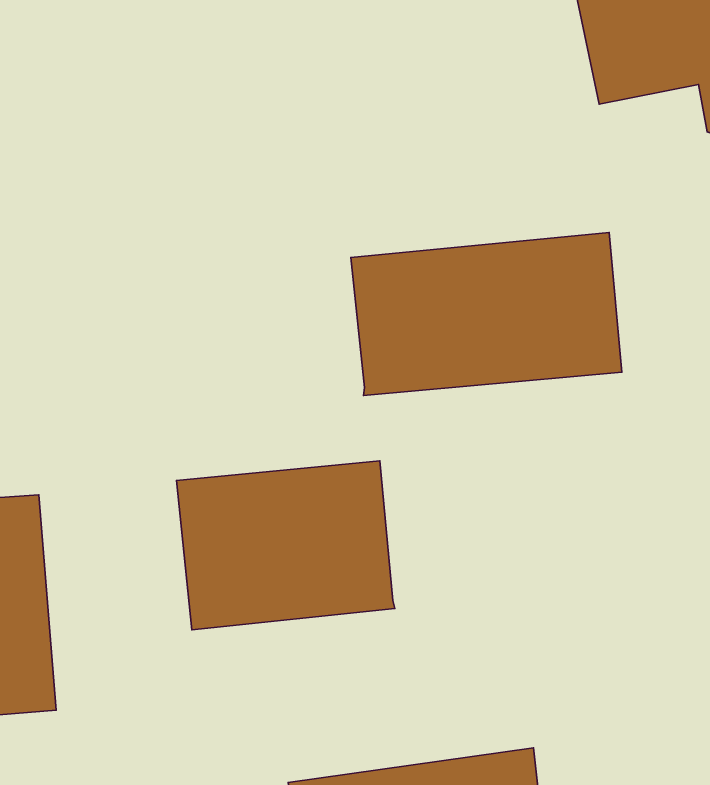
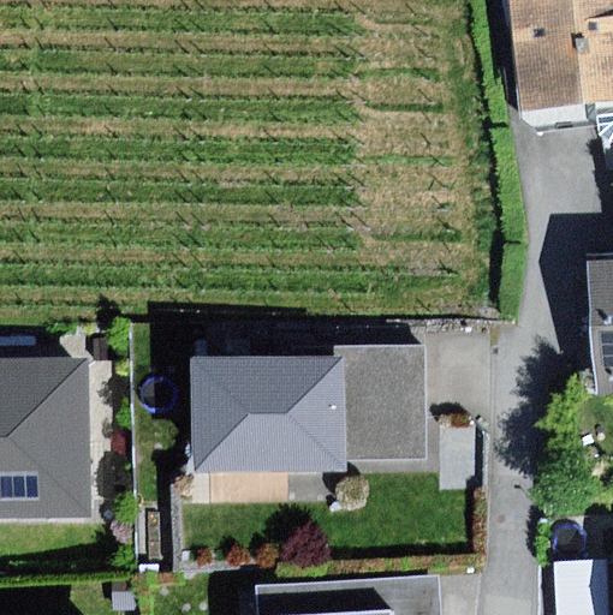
building: [351,233,622,395] -> none
building: none -> [341,345,425,459]

